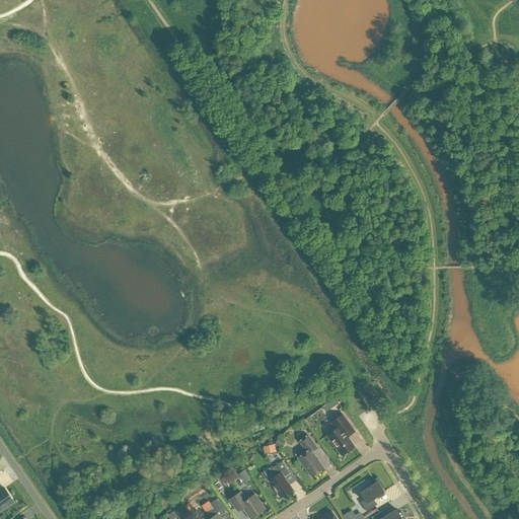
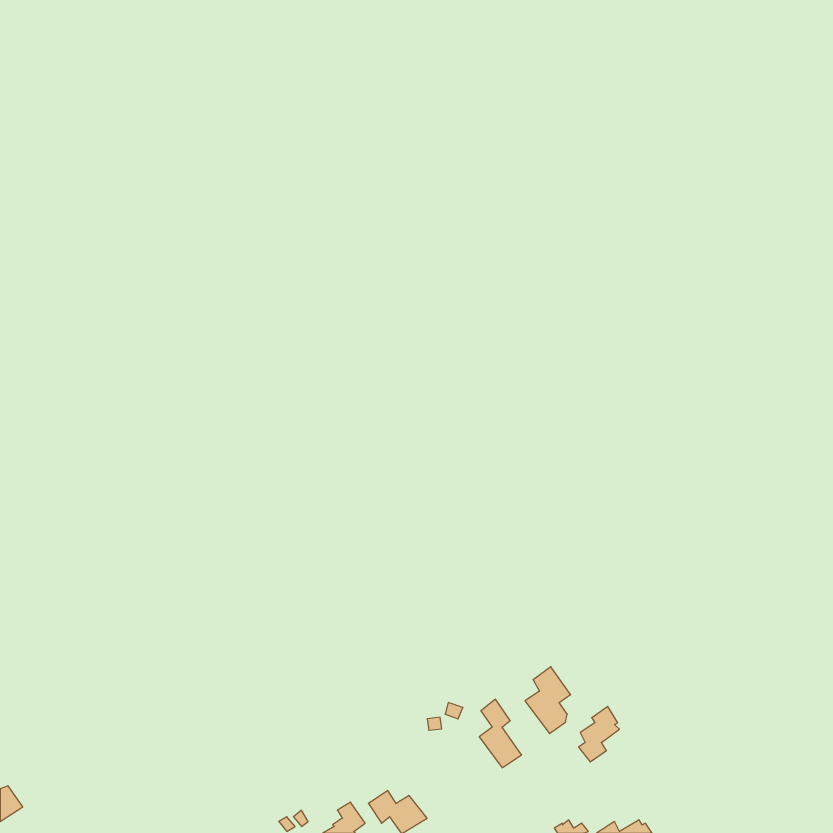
building: [262,461,293,499] -> none
building: [360,477,385,512] -> [579,707,619,762]

